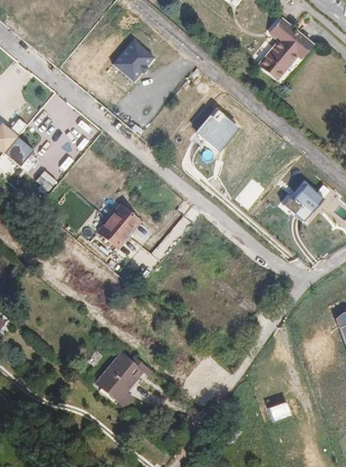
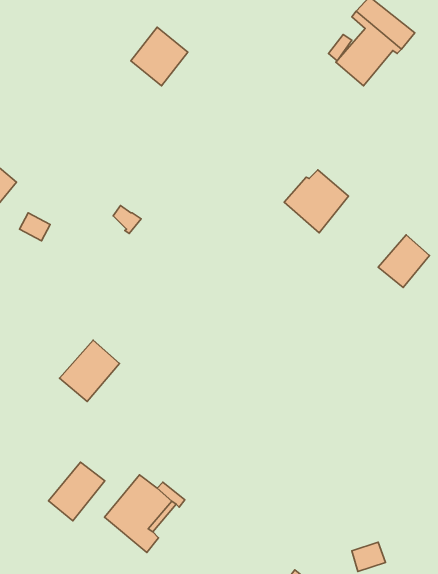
building: [194,111,240,155] -> [284,170,349,233]
building: [97,205,139,248] -> [59,340,119,402]
building: none -> [48,462,105,521]

